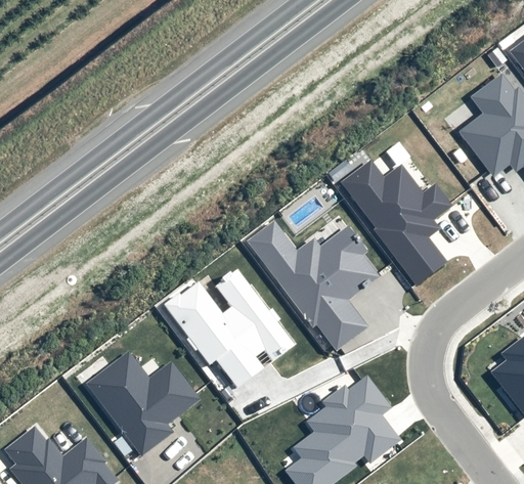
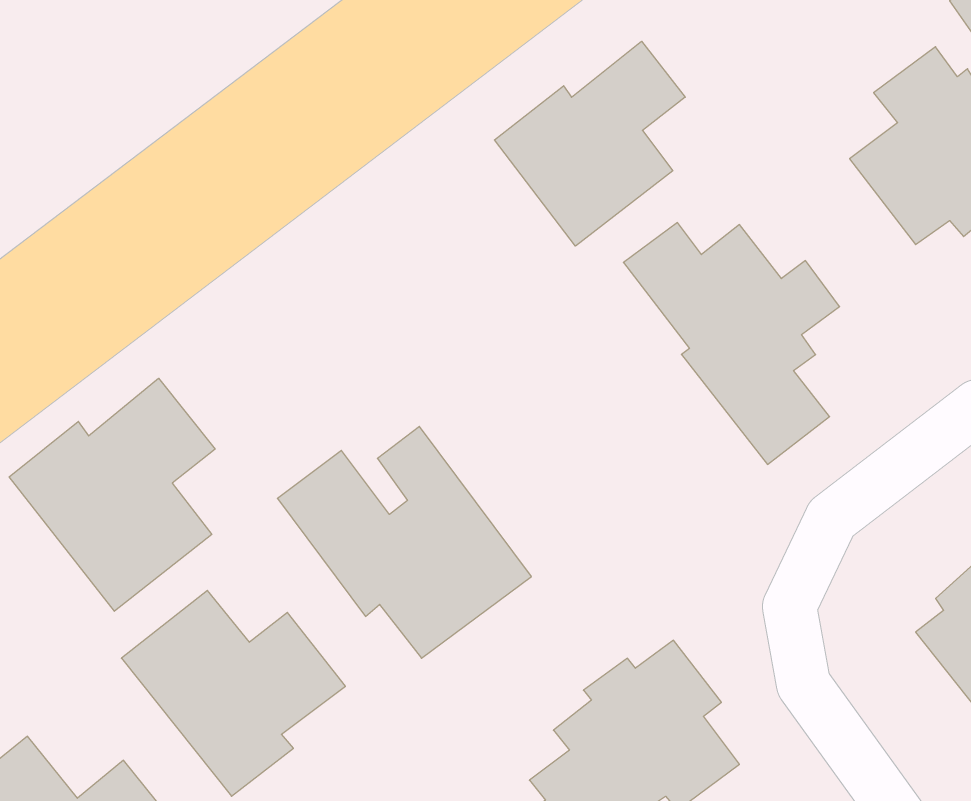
building: none -> [494,41,685,246]
building: [248,221,379,352] -> none
building: none -> [9,378,215,611]

